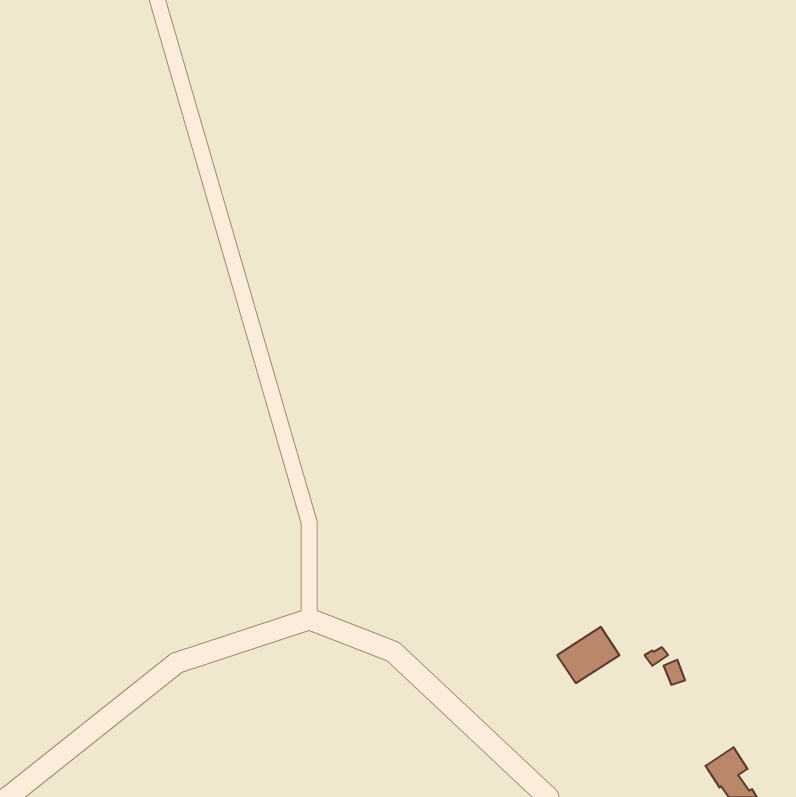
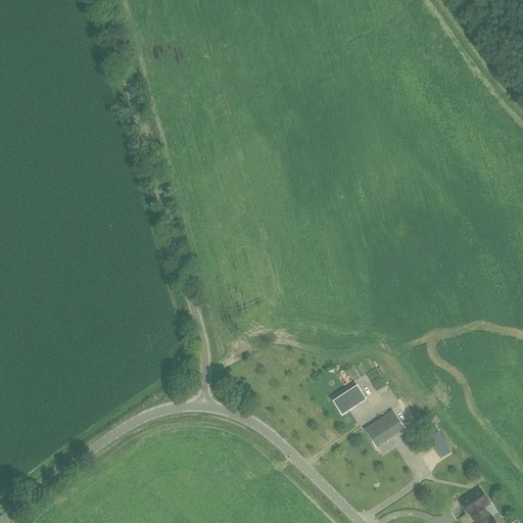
building: none -> [330,384,363,414]

